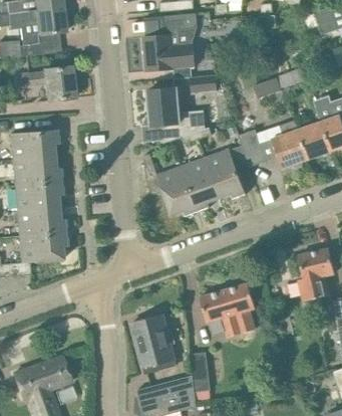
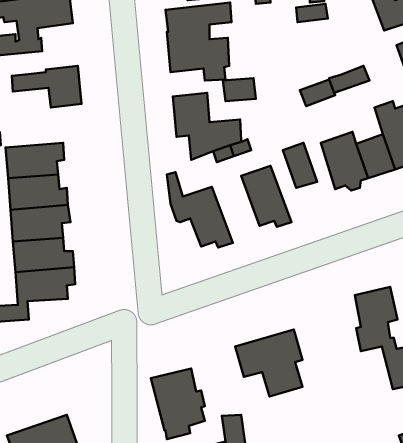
building: [181,156,220,211] -> none

